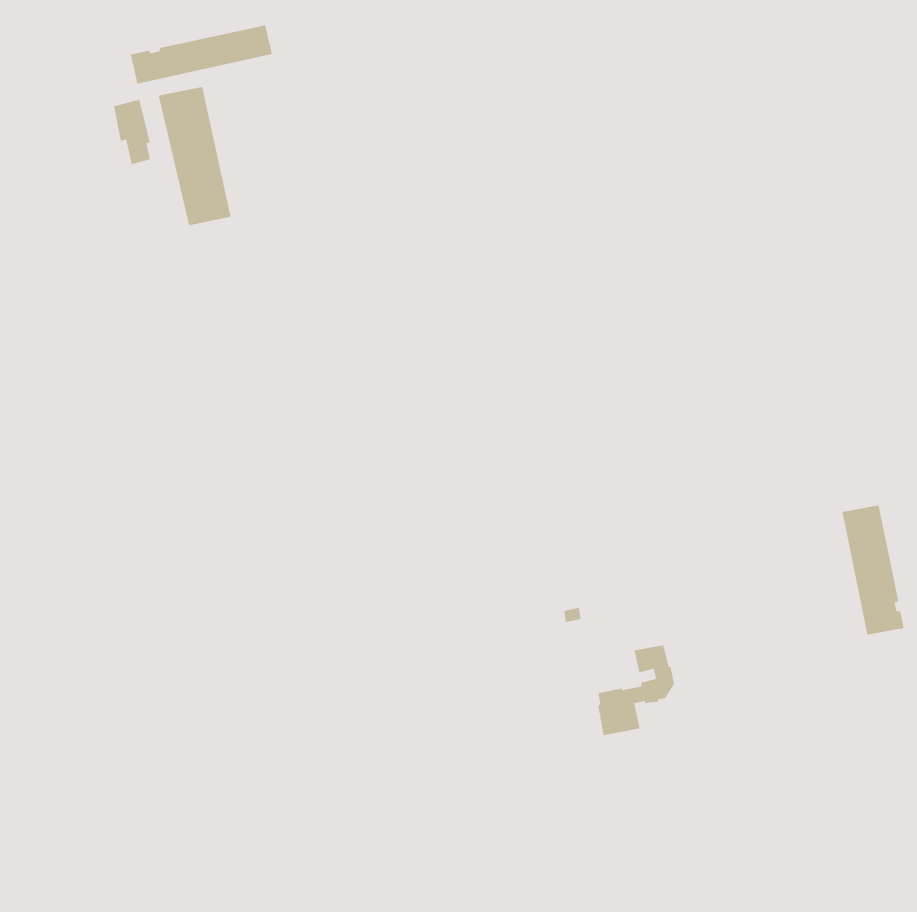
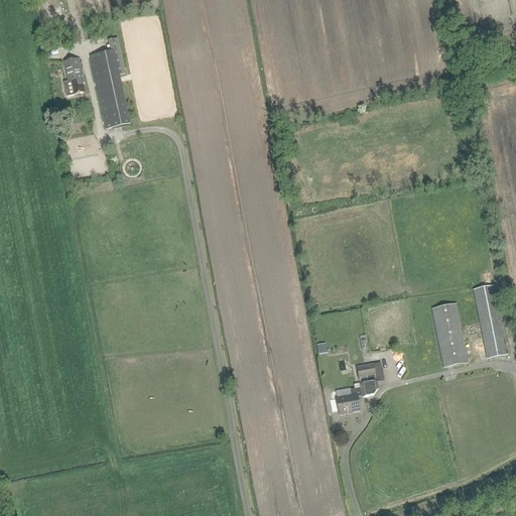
building: [130,24,273,84] -> none
building: none -> [431,301,469,366]

